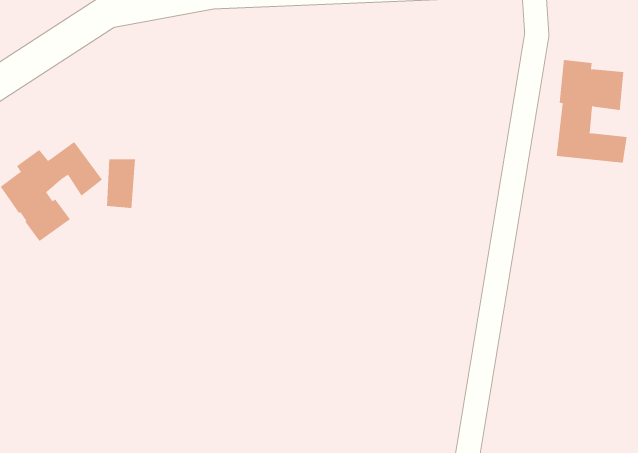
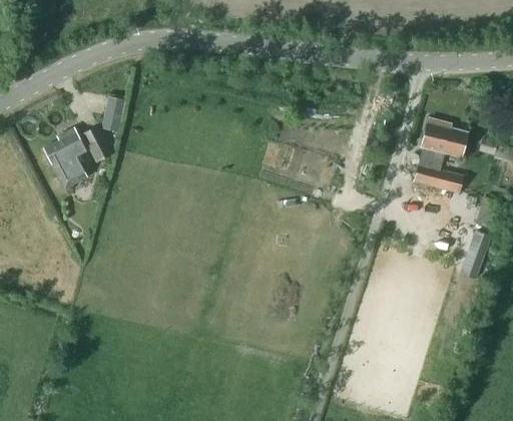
building: [106,159,136,208] -> [102,96,126,131]

